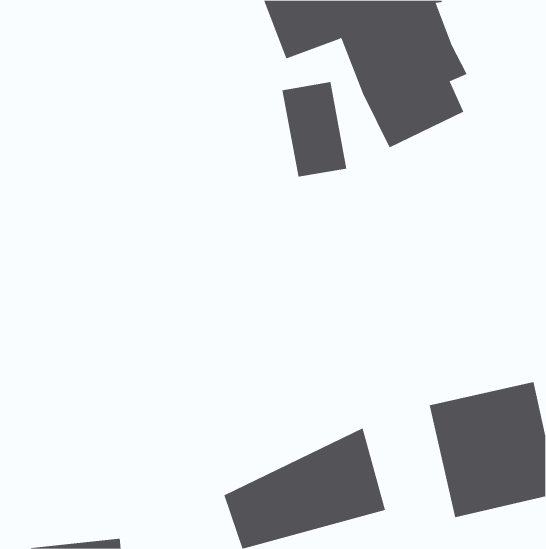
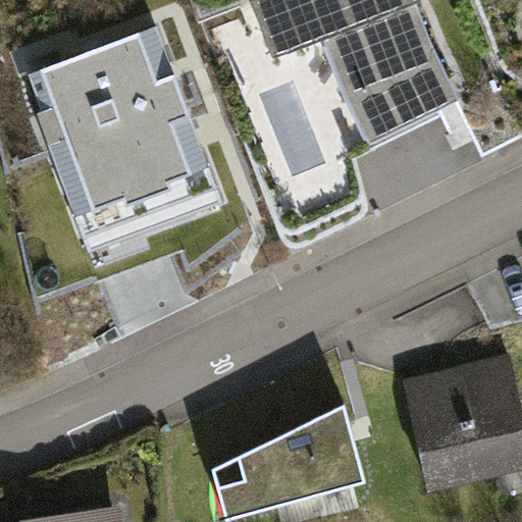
building: none -> [19,38,207,215]

